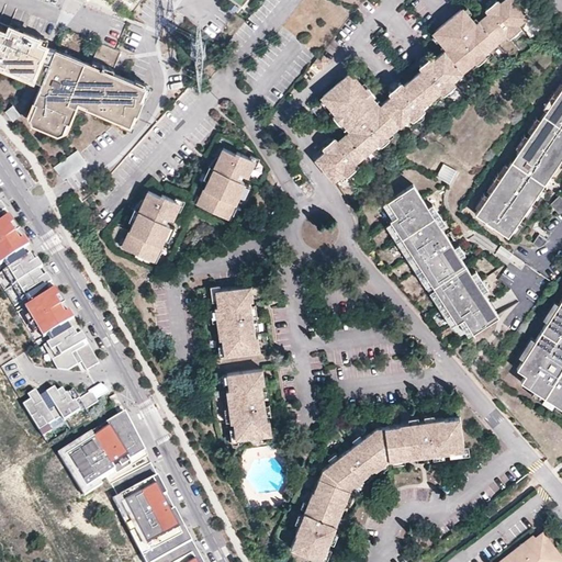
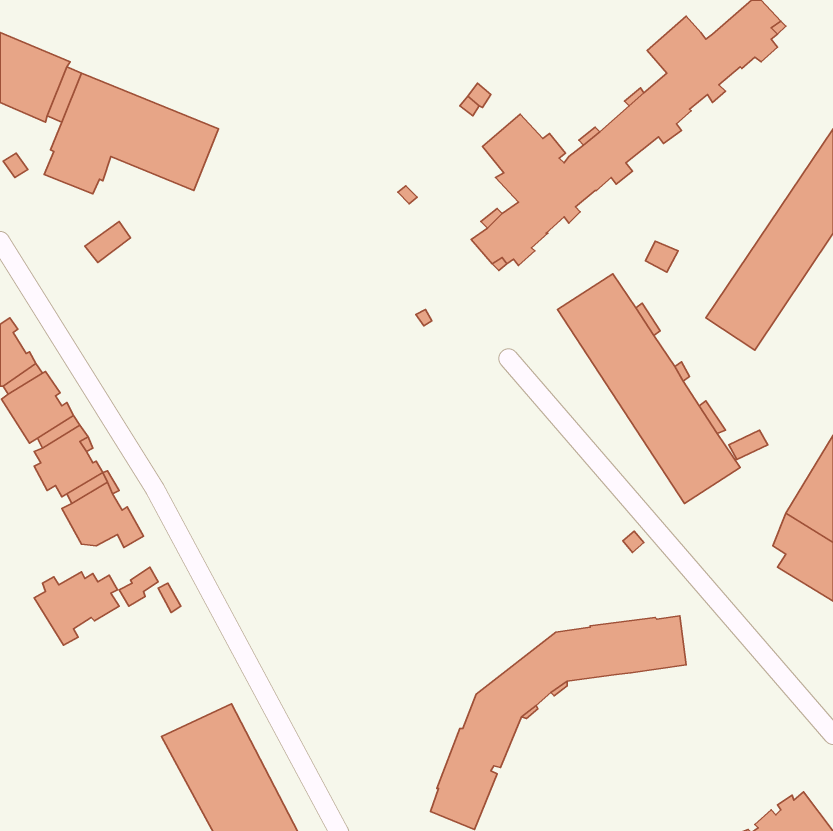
building: [196,153,251,222] -> none
building: [123,194,178,263] -> none
building: [215,290,261,360] -> none
building: [226,373,272,443] -> none
building: [56,412,146,495] -> none

